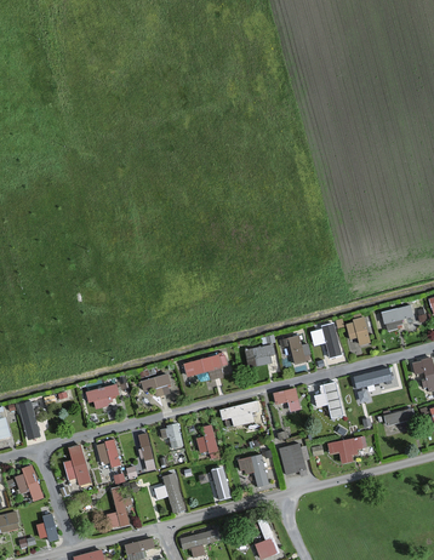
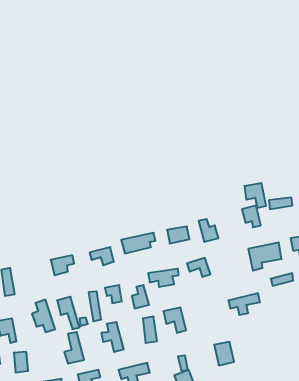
building: [312,325,341,358] -> [244,183,266,208]
building: [314,383,341,419] -> none
building: [279,444,305,475] -> [214,342,234,365]

